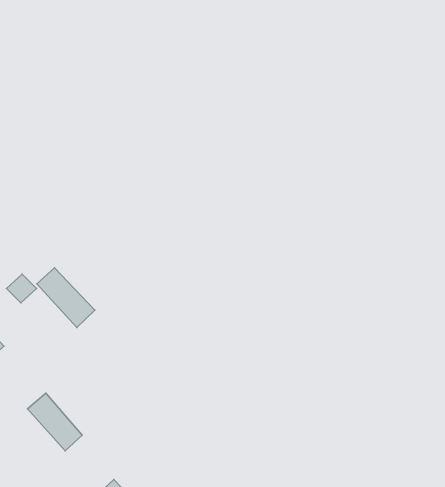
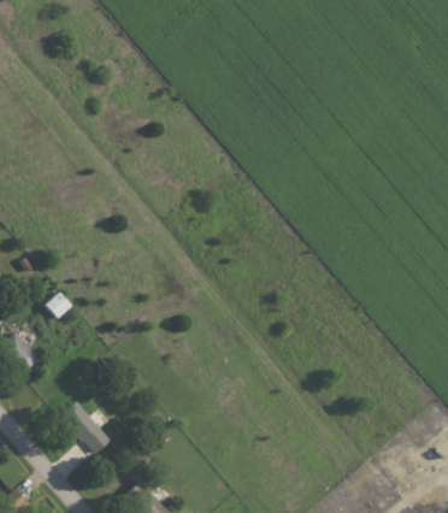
building: [37,268,95,328] -> none

